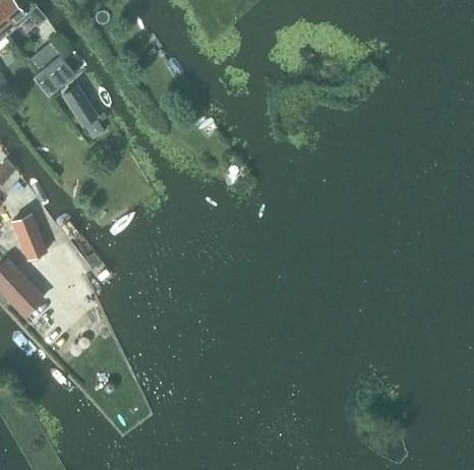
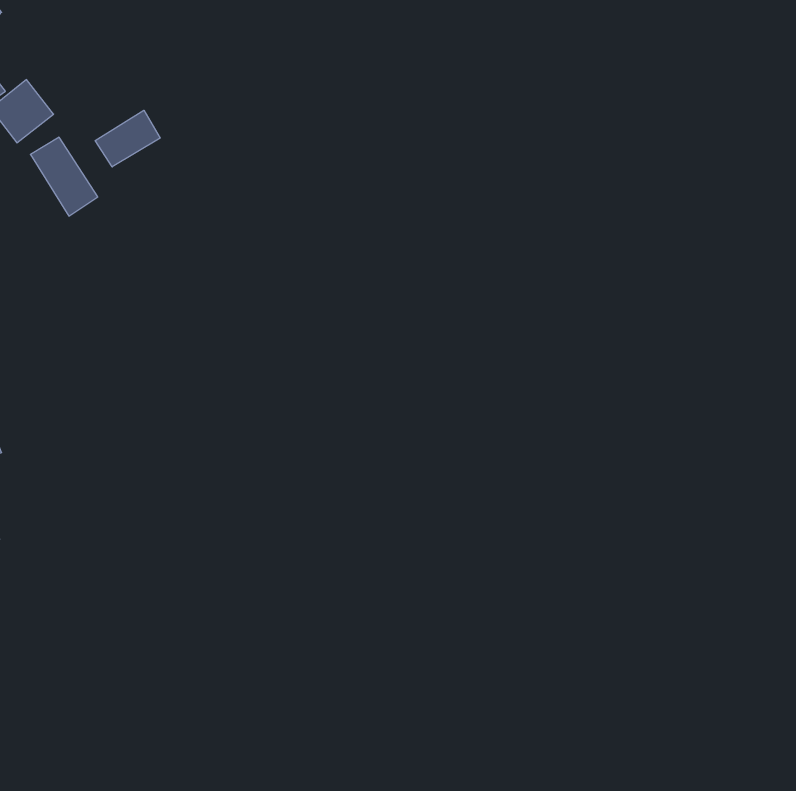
building: none -> [95,110,160,167]

